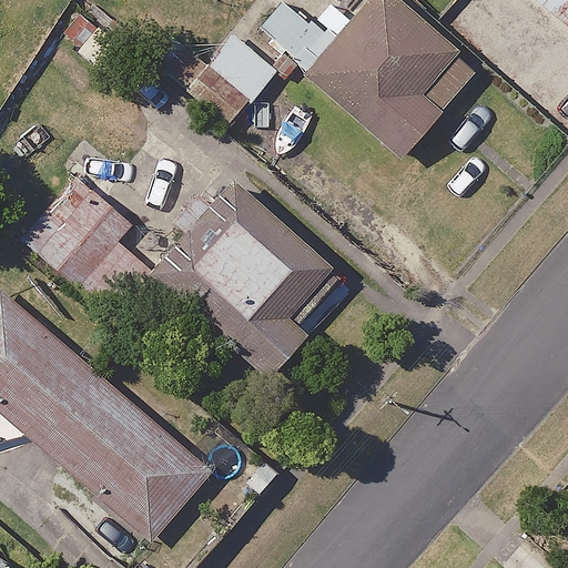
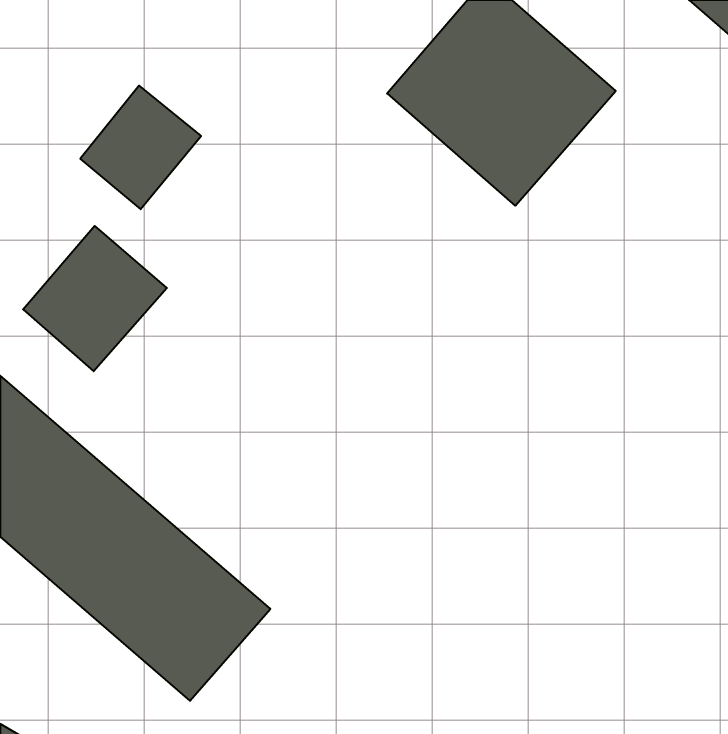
building: [190,33,283,129] -> [80,86,201,209]
building: [149,176,333,376] -> none

